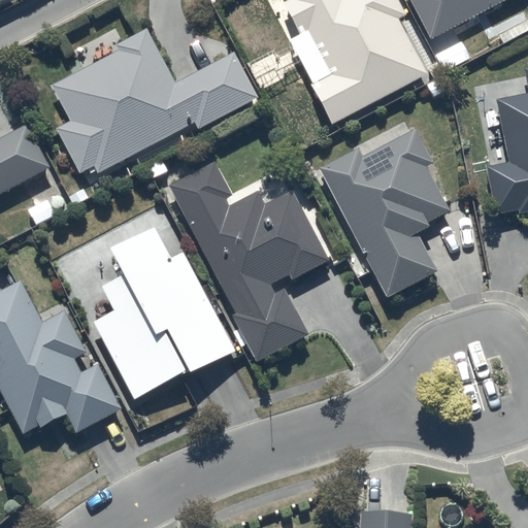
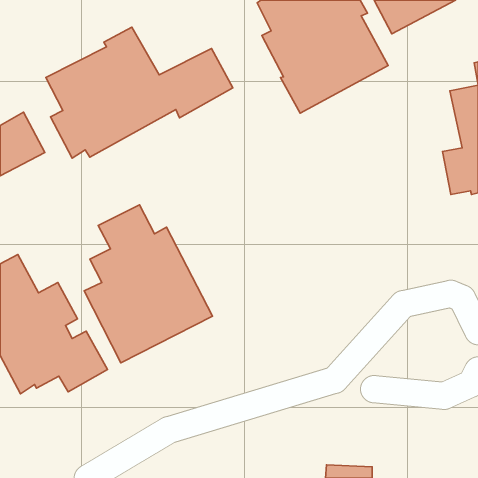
building: [319,130,450,299] -> none
building: [169,163,332,362] -> none

